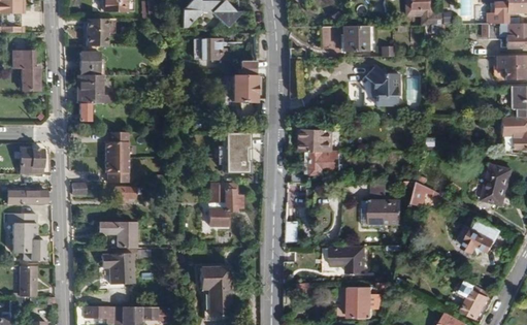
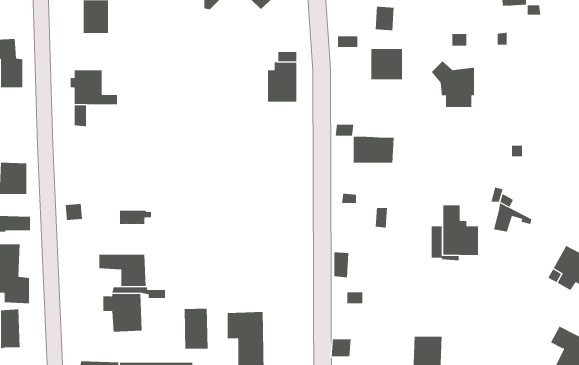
building: [341,26,367,51] -> [370,48,403,80]
building: [203,40,230,59] -> none
building: [79,52,99,75] -> none
building: [105,131,129,183] -> none
building: [218,131,250,171] -> none
building: [311,150,339,173] -> none
building: [211,182,243,226] -> none
building: [331,246,366,272] -> none
building: none -> [184,308,208,350]

